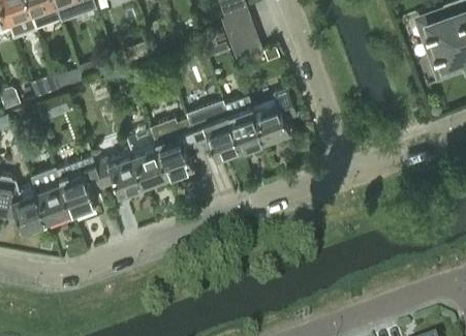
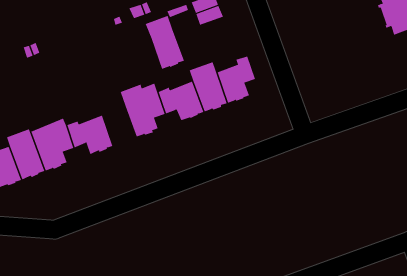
building: [128,125,170,183] -> [145,15,185,70]

